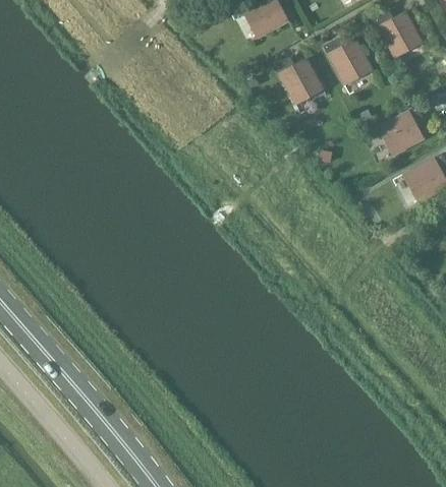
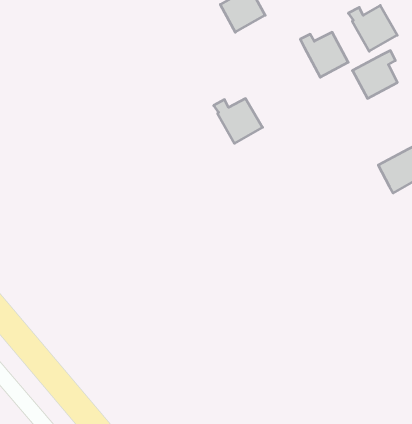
building: [274,59,324,105] -> [214,99,263,143]
building: [378,107,424,156] -> [352,51,397,98]

